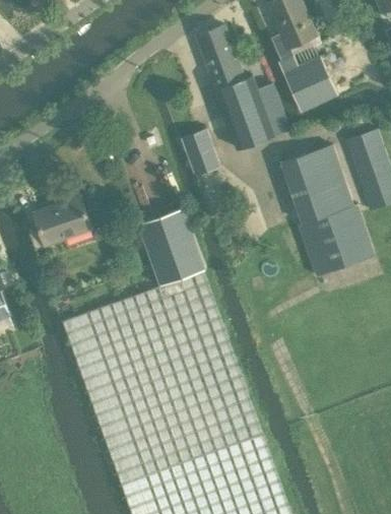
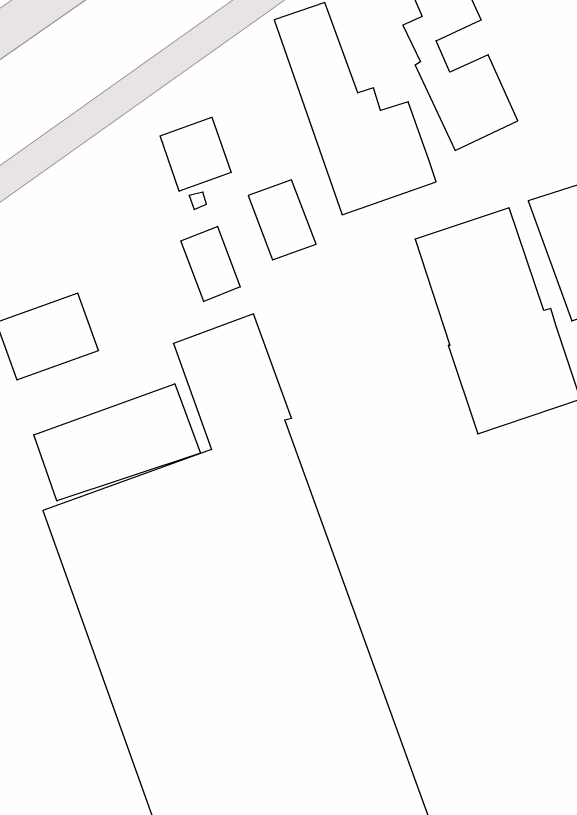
building: none -> [160,117,231,191]
building: none -> [181,226,240,302]
building: none -> [34,384,201,501]

